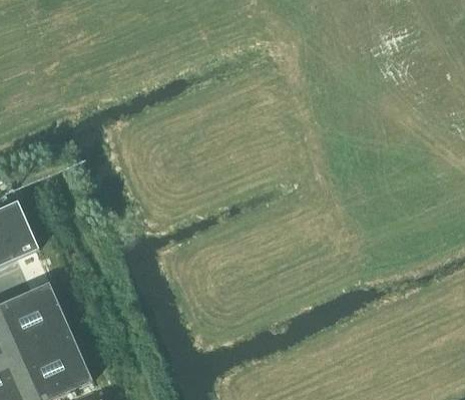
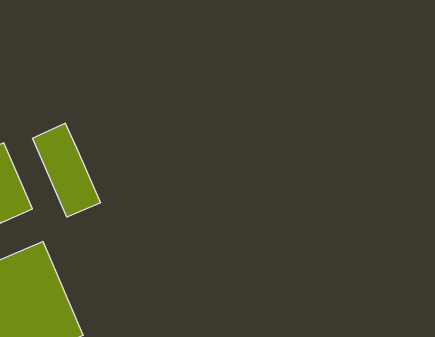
building: none -> [32,123,100,217]

